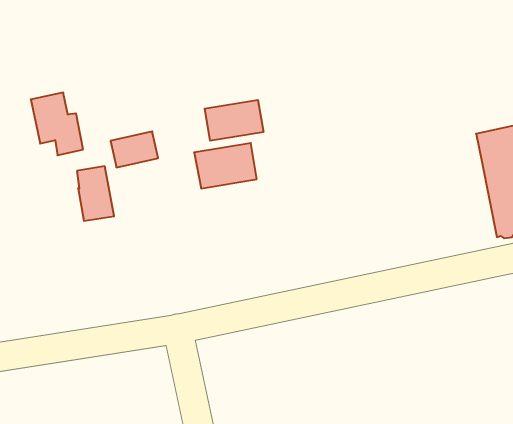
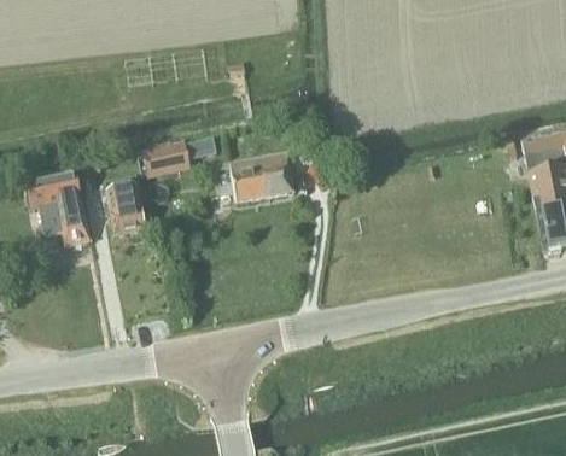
building: [31,93,83,155] -> [36,181,91,246]
building: [205,100,263,141] -> none

